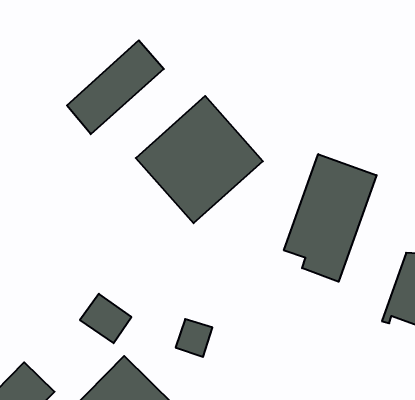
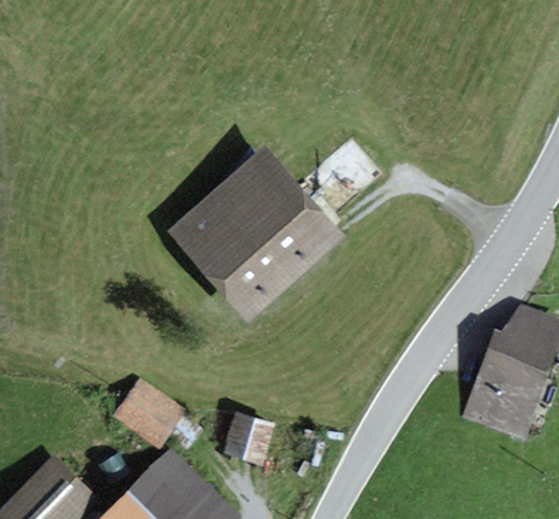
building: [67,40,164,134] -> none
building: [284,154,377,282] -> none

